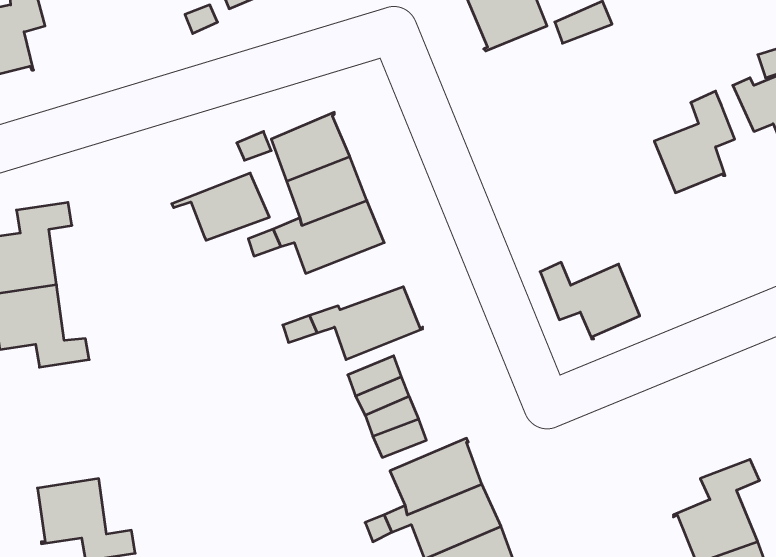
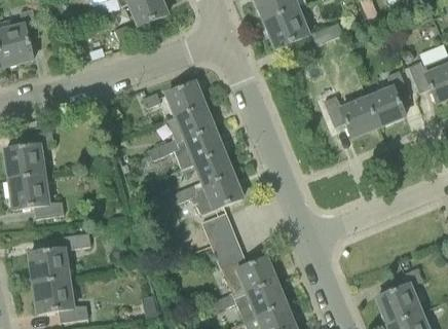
building: [172,173,269,240] -> [180,151,232,187]
building: [540,262,640,339] -> [325,96,378,137]
building: none -> [30,232,90,283]

